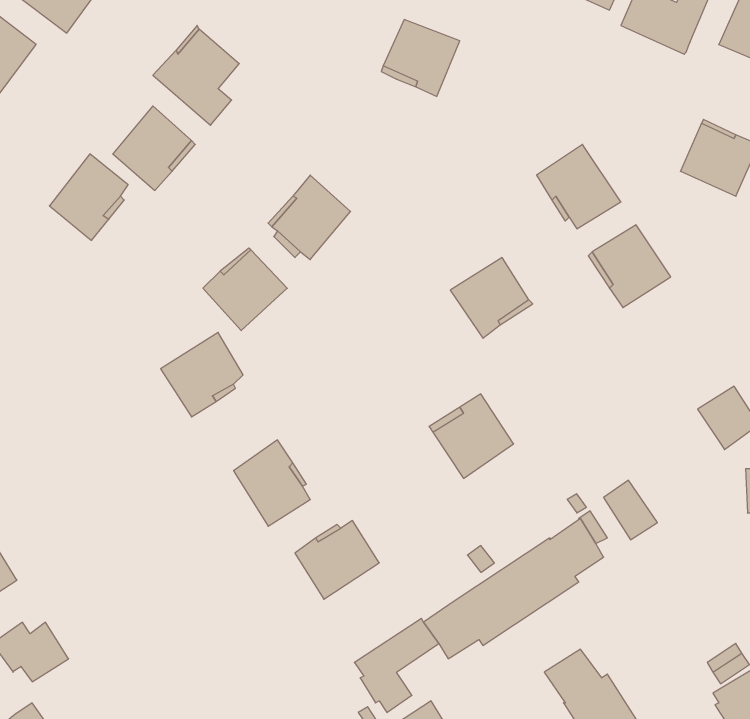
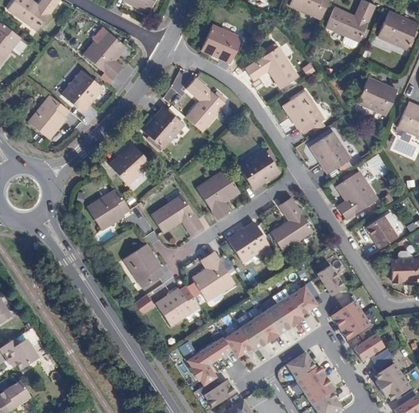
building: none -> [246,45,299,89]
building: none -> [186,77,226,132]
building: none -> [197,168,241,219]
building: none -> [335,169,379,220]
building: none -> [151,194,203,236]
building: none -> [270,197,314,252]
building: none -> [192,251,236,302]
building: none -> [331,300,370,340]
building: none -> [353,334,384,361]

